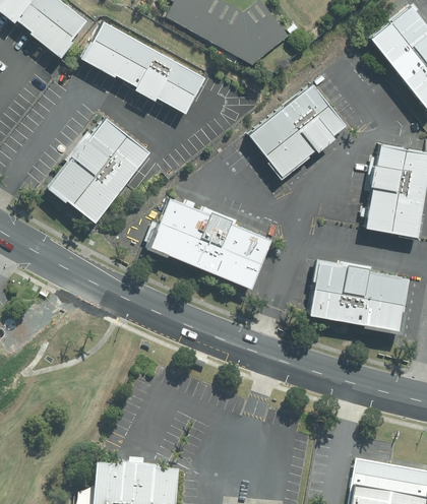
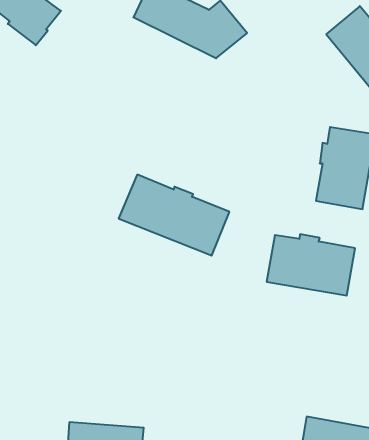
building: [80,21,205,112] -> none
building: [249,82,347,174] -> none
building: [47,117,148,219] -> none

